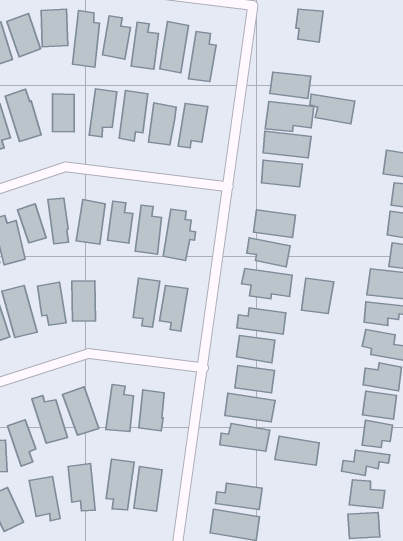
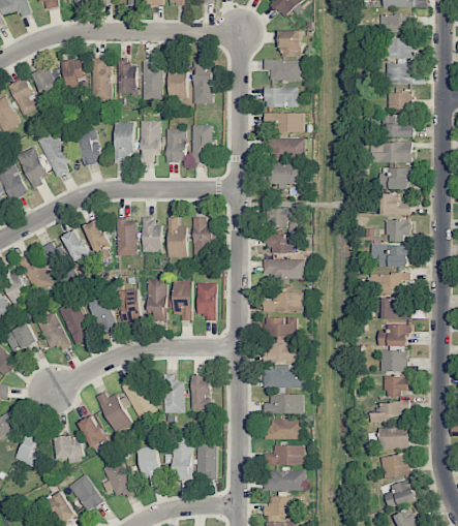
building: [310,94,355,124] -> [264,60,302,81]
building: none -> [147,279,166,318]
building: [302,278,334,314] -> none
building: [275,436,319,465] -> [264,419,300,439]

